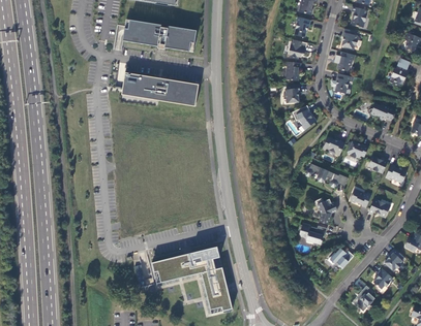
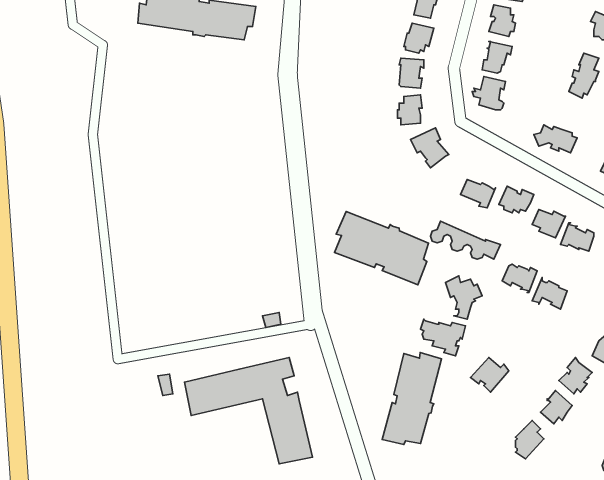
building: [122,71,196,105] -> none
building: none -> [334,211,428,285]
building: none -> [382,352,441,445]

